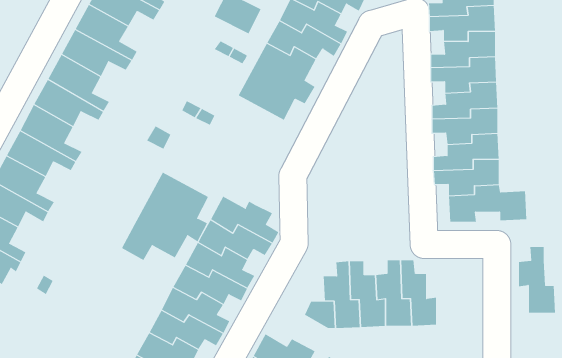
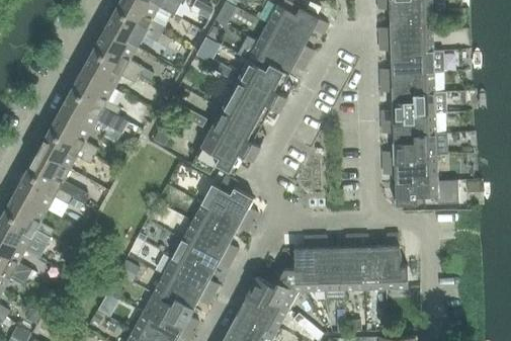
building: [121,172,209,261] -> [191,103,262,175]
building: [518,247,556,313] -> [377,235,408,288]
building: none -> [247,277,297,310]

